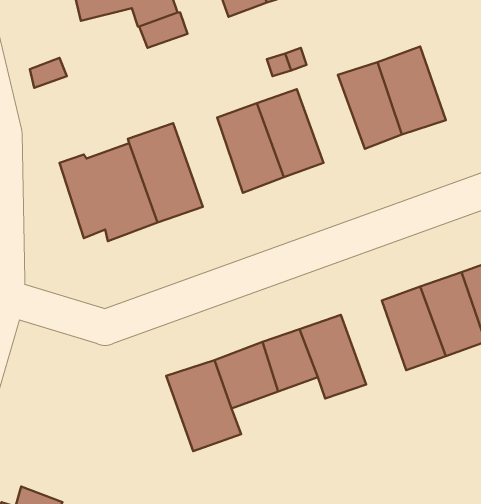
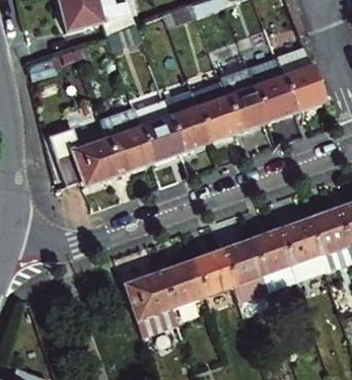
building: none -> [219,69,268,132]
building: none -> [128,83,181,163]
building: none -> [251,230,297,290]

